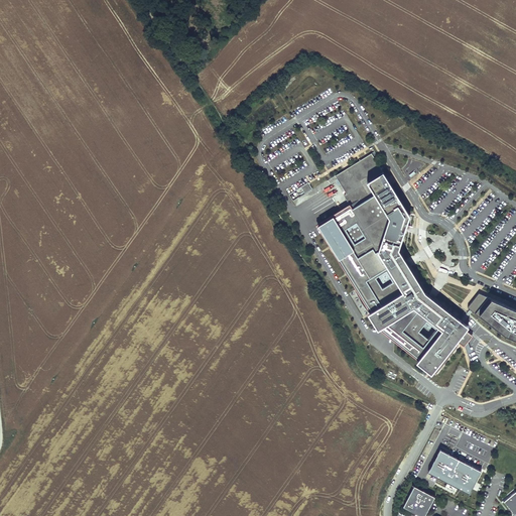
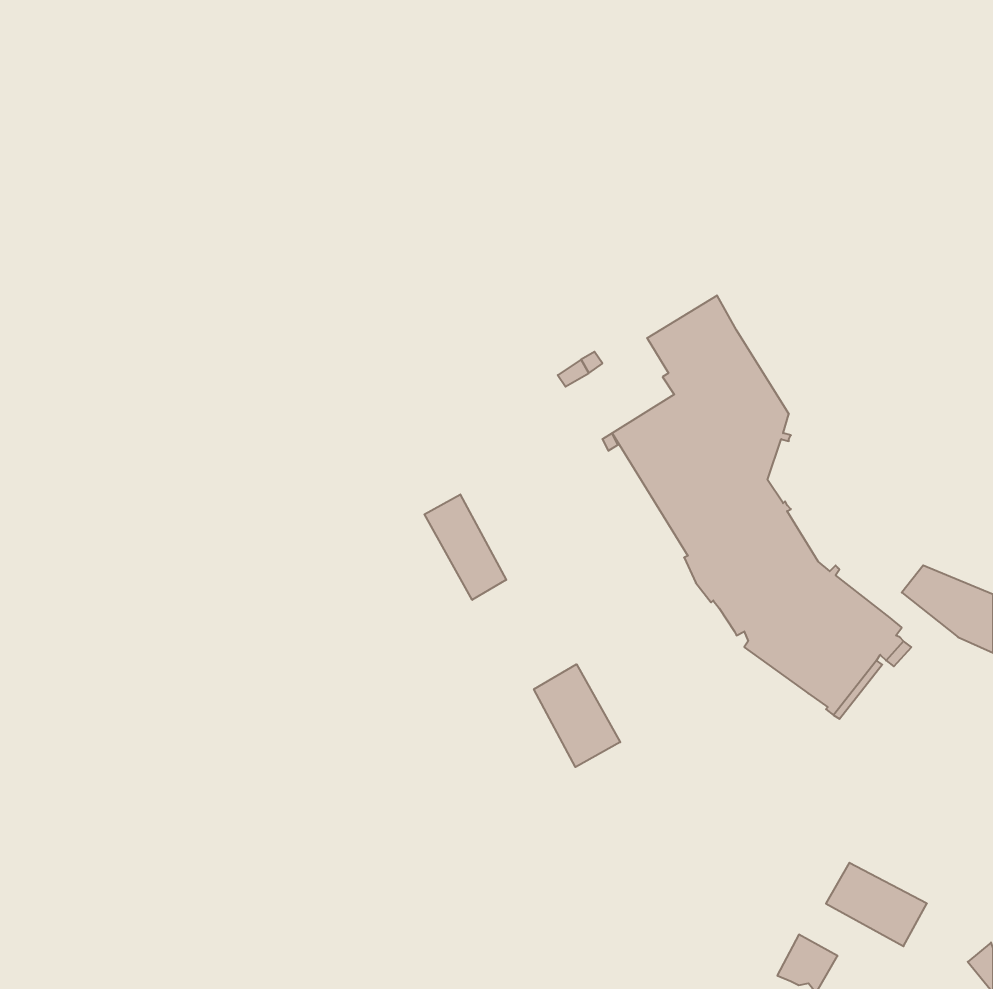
building: none -> [424,494,506,600]
building: none -> [534,664,620,767]

